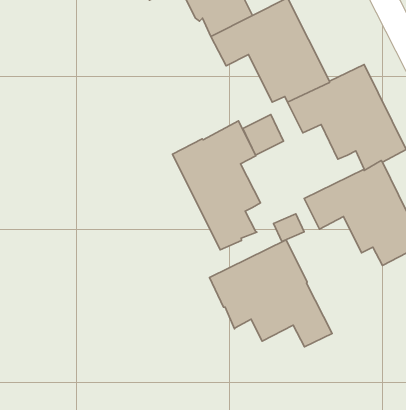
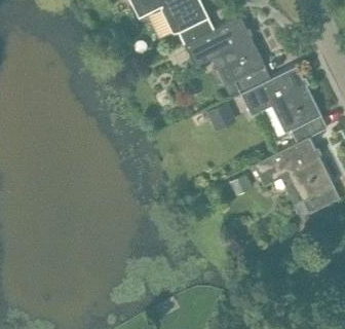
building: [172,121,260,250] -> none
building: [210,240,332,347] -> none

